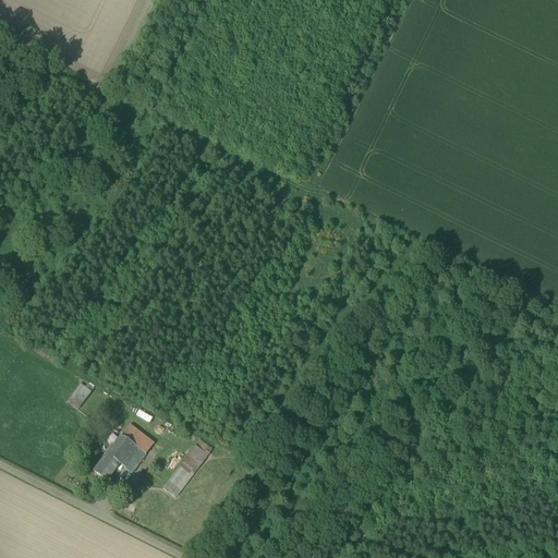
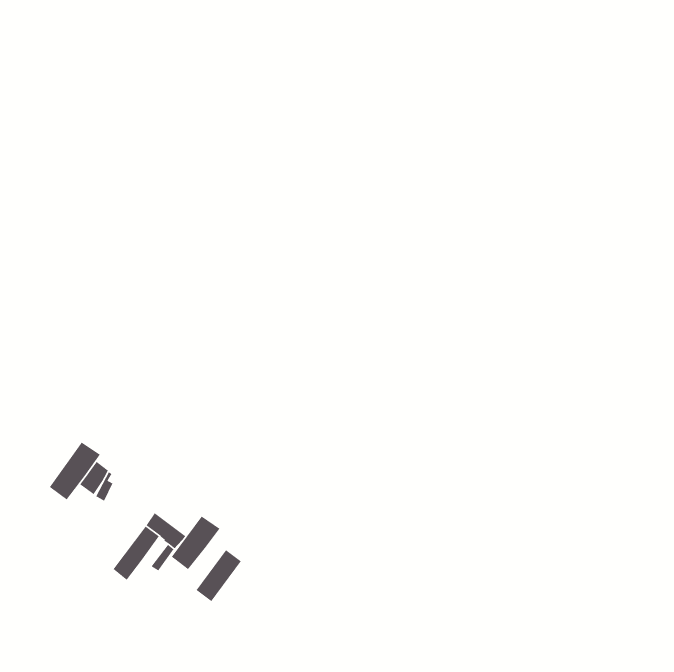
building: none -> [49,441,101,501]
building: none -> [171,515,220,570]

